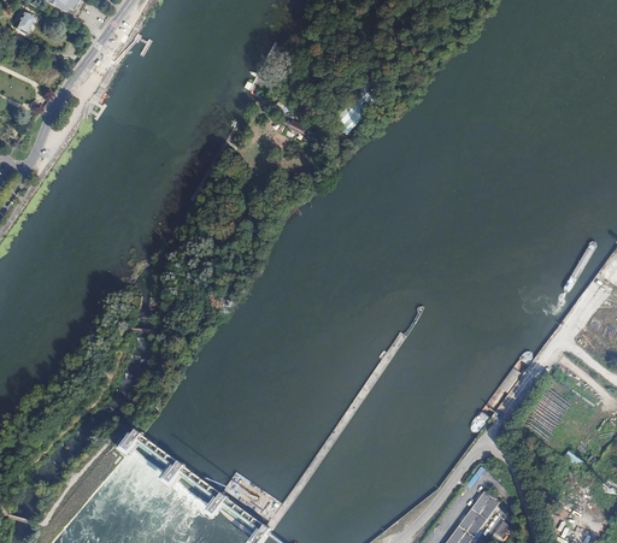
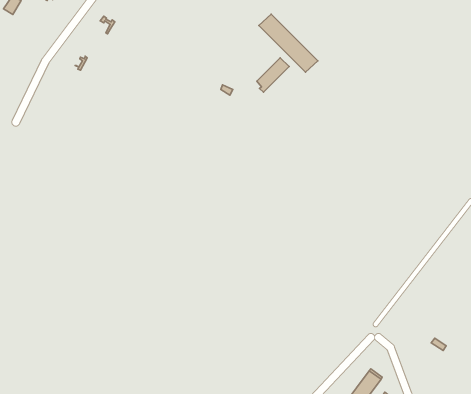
building: none -> [259,14,318,72]

